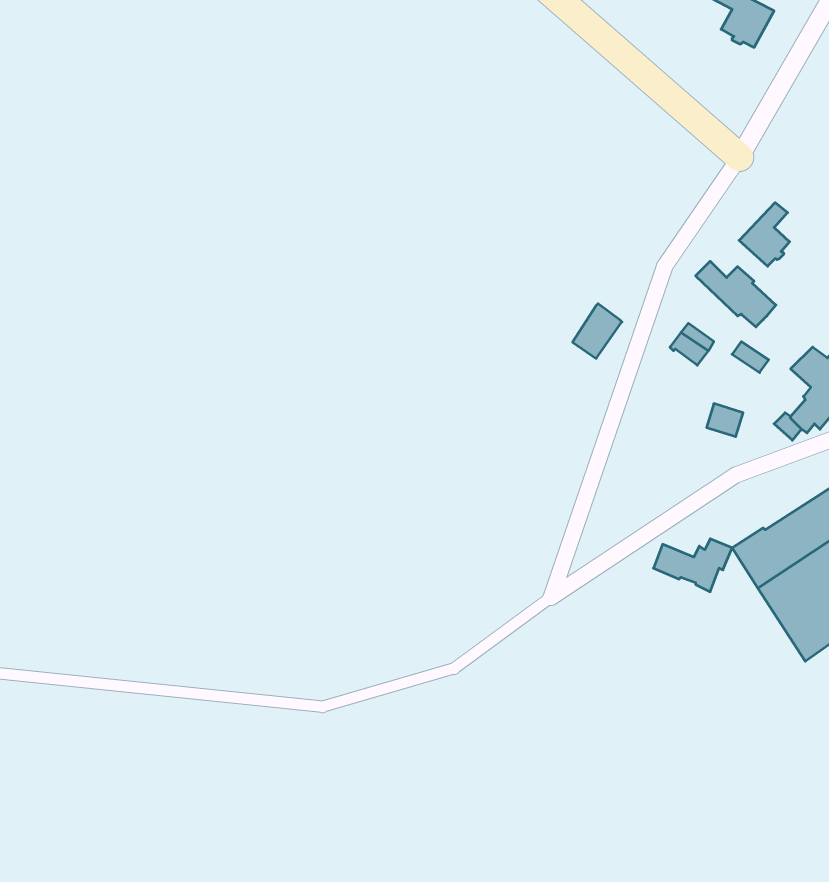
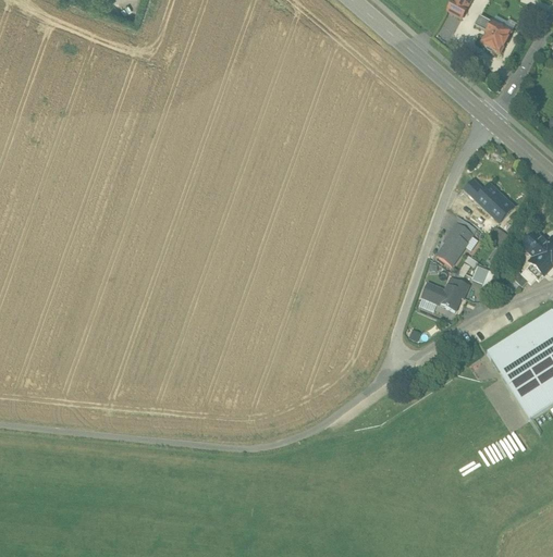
building: [739,203,790,266] -> none
building: [573,304,622,358] -> [438,232,467,264]
building: [653,539,732,592] -> [421,278,468,310]

